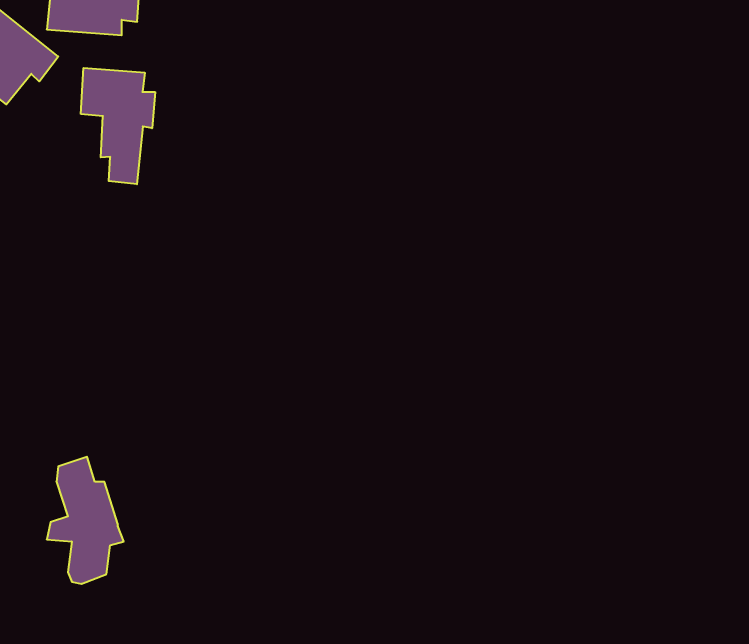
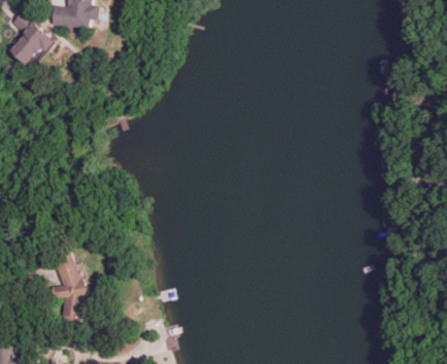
building: [81,68,155,184] -> none

